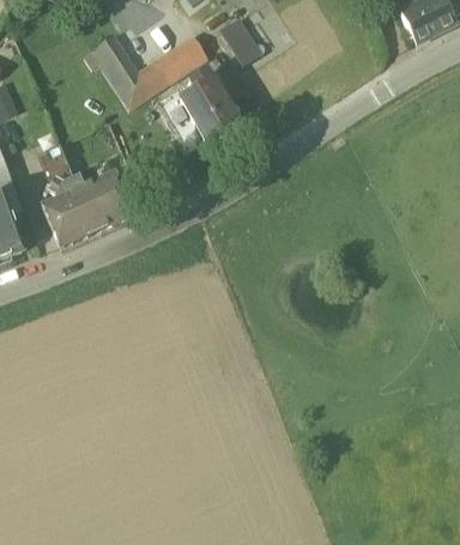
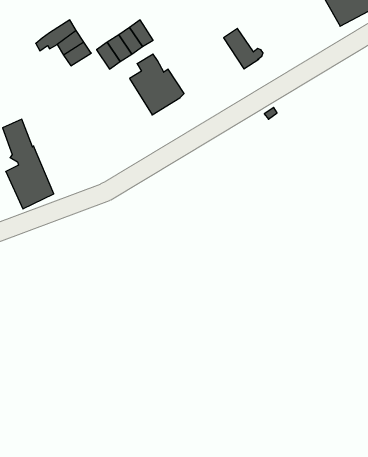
building: [220,17,265,62] -> [224,28,263,69]
building: [115,66,158,105] -> none
building: [73,170,133,228] -> none

